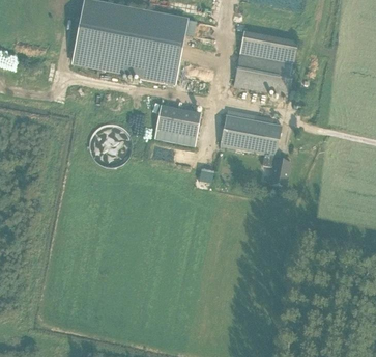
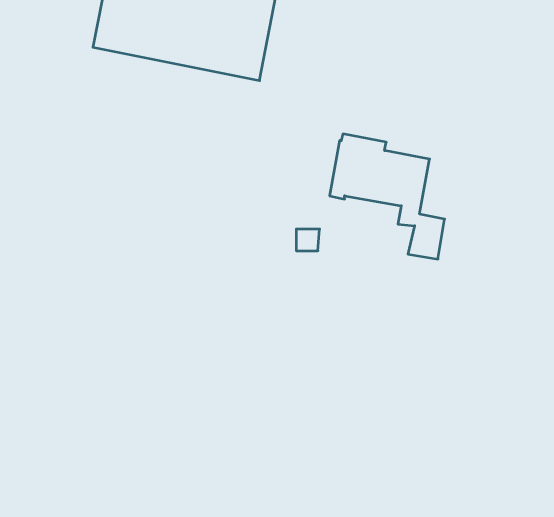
building: [232,32,296,97] -> none
building: [154,107,200,139] -> none

